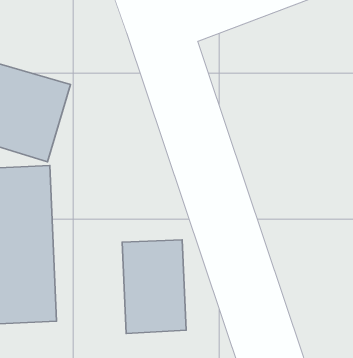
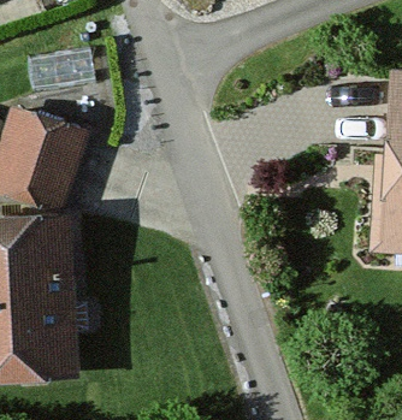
building: [122,240,186,333] -> none

